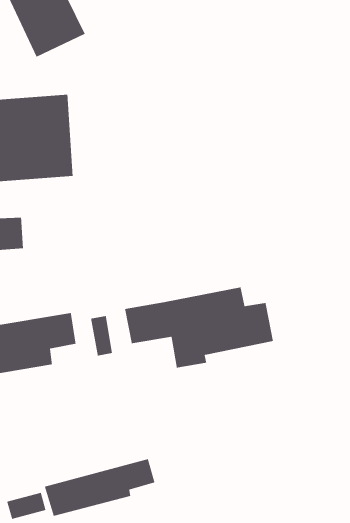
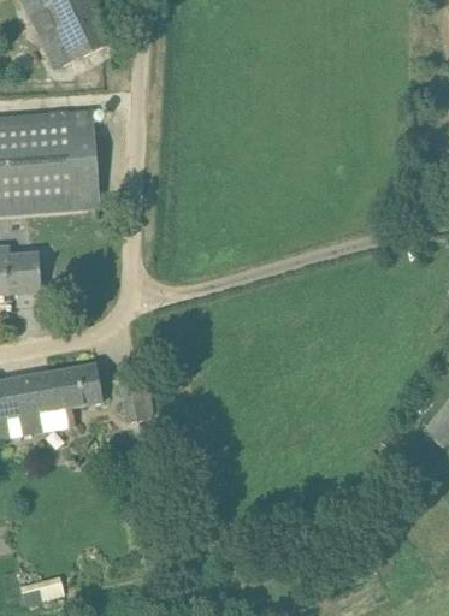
building: [124,286,274,368] -> none
building: [44,458,155,517] -> none

